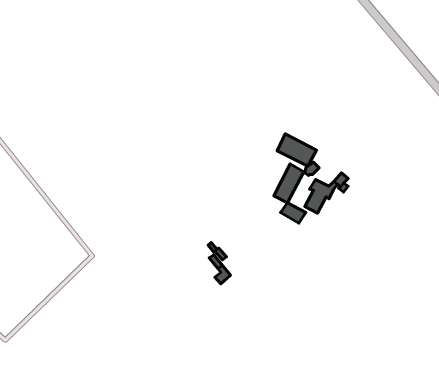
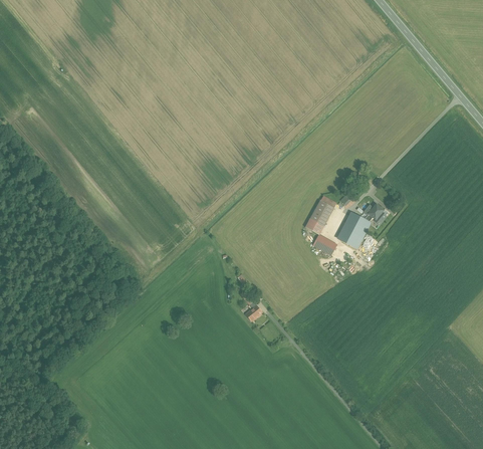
building: [277,134,316,166] -> none

